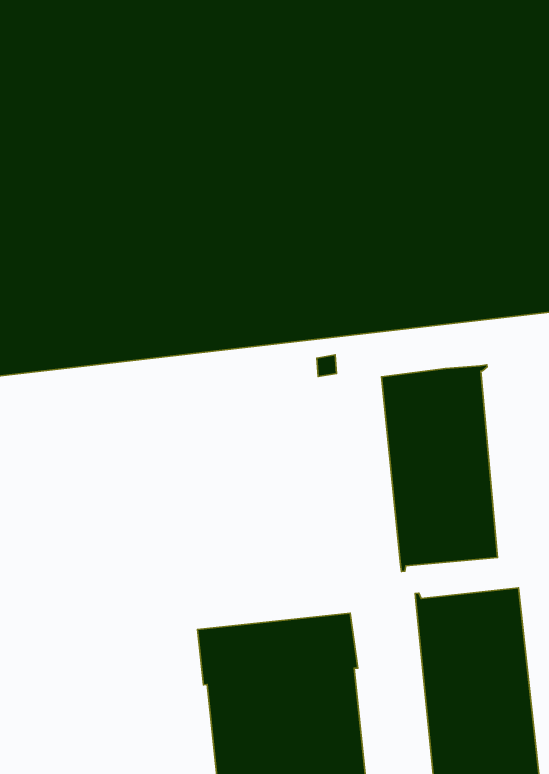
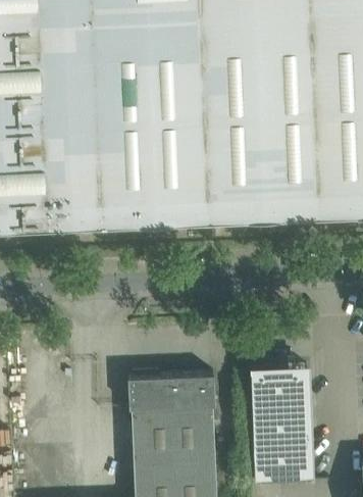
building: [382,365,498,571] -> none

